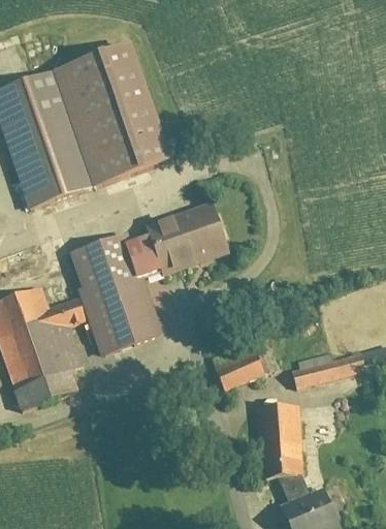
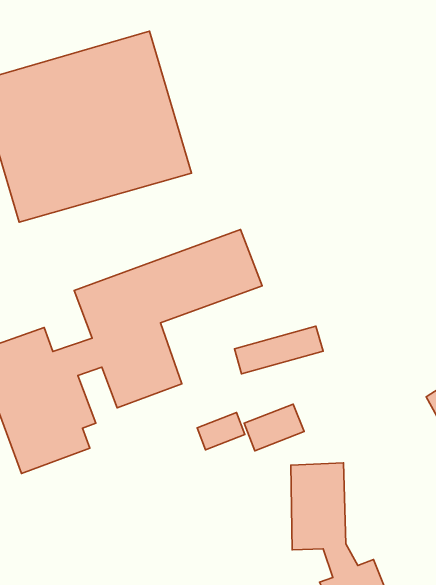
building: [293,351,369,393] -> [234,326,323,374]
building: none -> [197,413,245,450]

